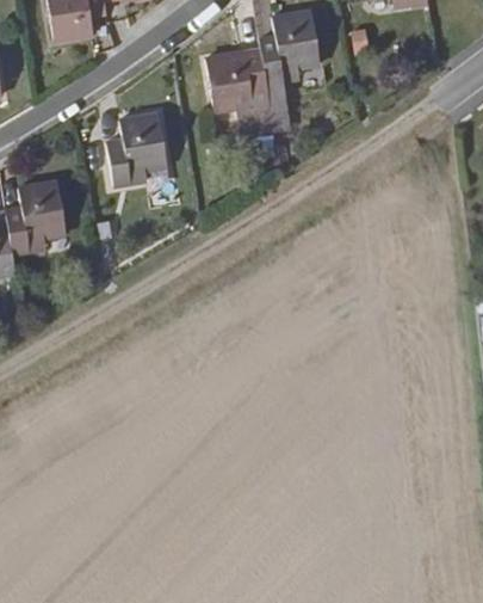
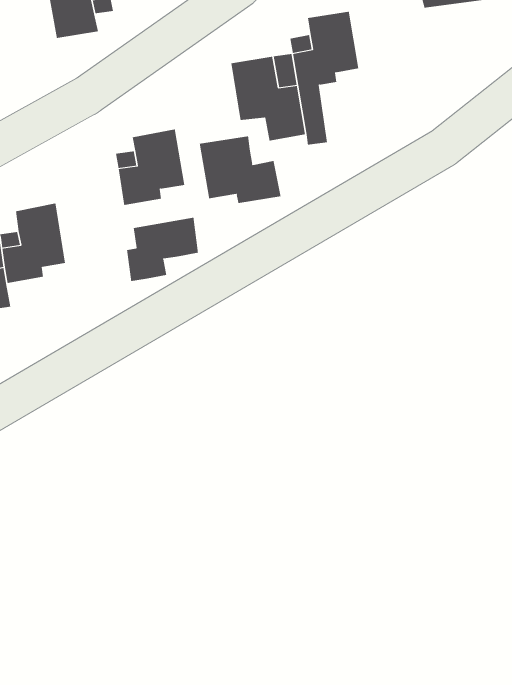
building: none -> [199,135,281,204]
building: none -> [126,217,198,282]

